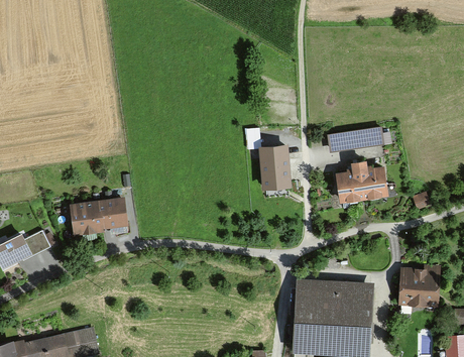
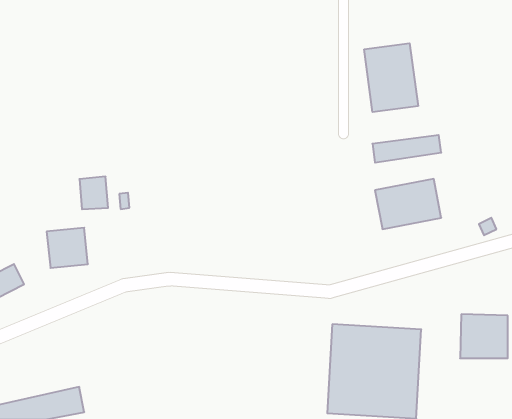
building: none -> [364,43,418,112]
building: [263,148,296,187] -> none
building: [105,199,128,225] -> [79,177,108,209]

